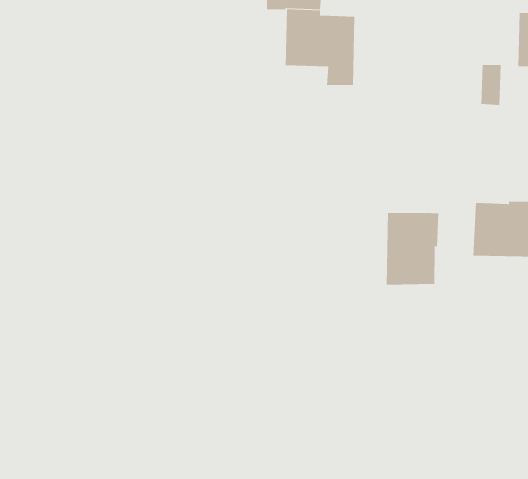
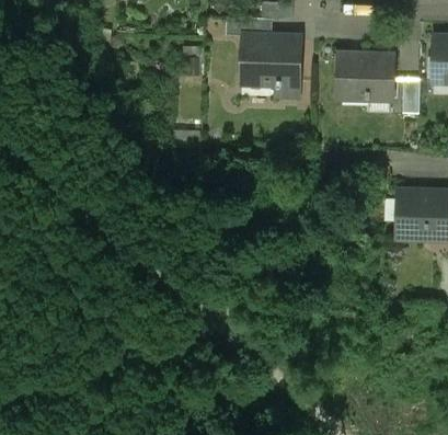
building: none -> [335,51,391,98]
building: [386,212,439,285] -> none

